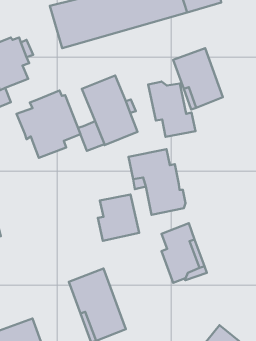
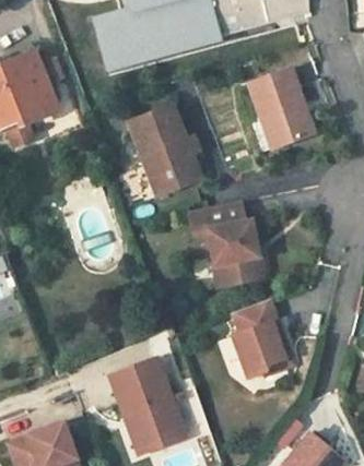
building: [148,81,196,137] -> none
building: [17,90,80,158] -> none
building: [98,194,139,241] -> none

